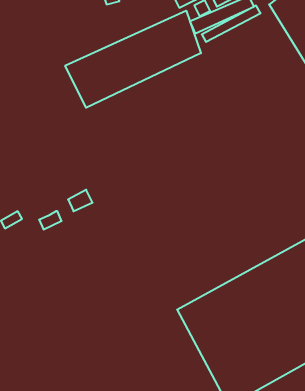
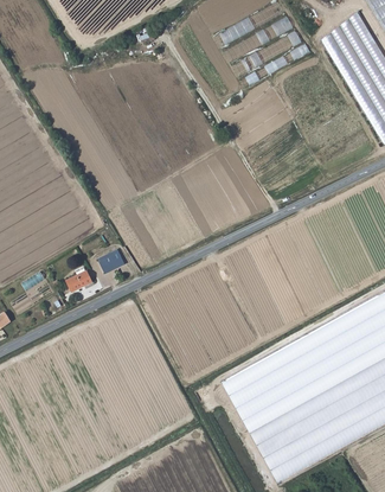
building: [65,11,201,108] -> none

